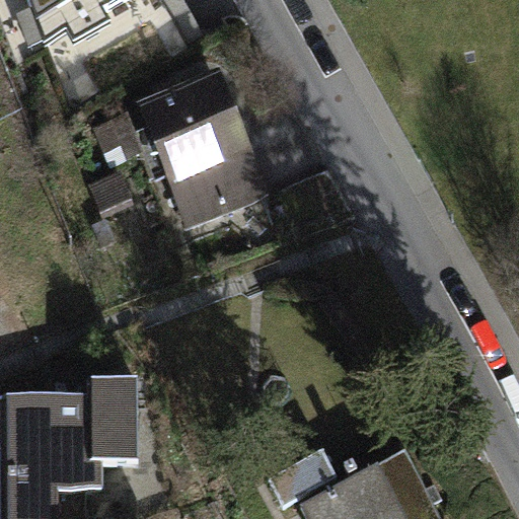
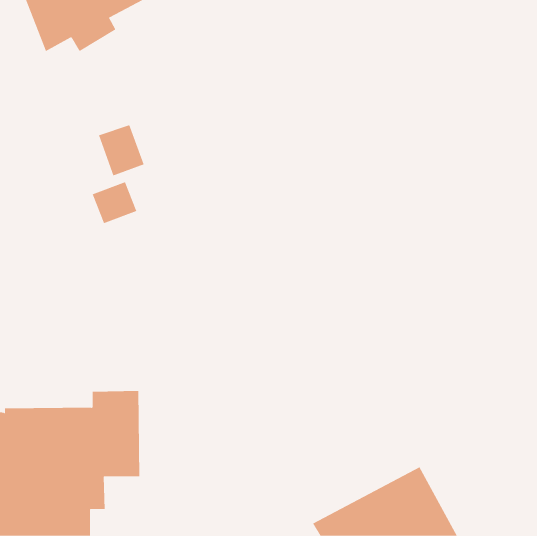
building: [139,79,271,235] -> none

